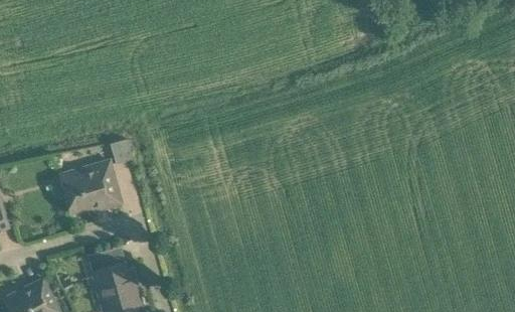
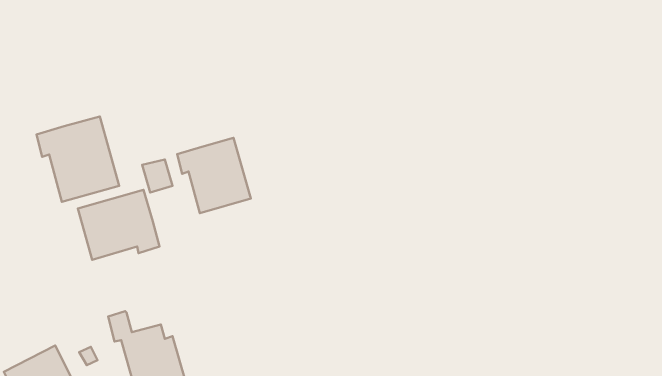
building: none -> [37,117,119,202]
building: none -> [177,138,251,213]

